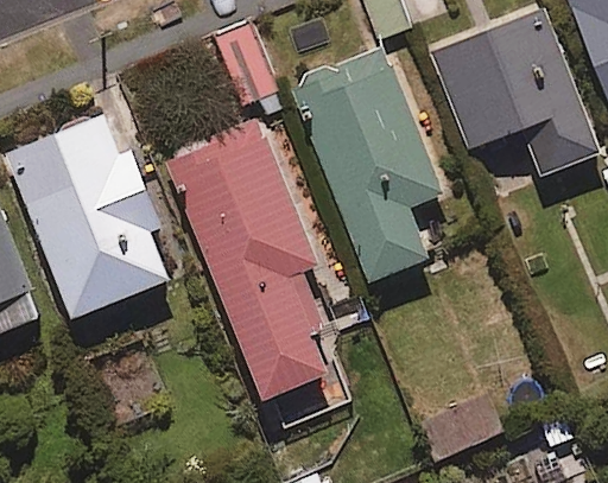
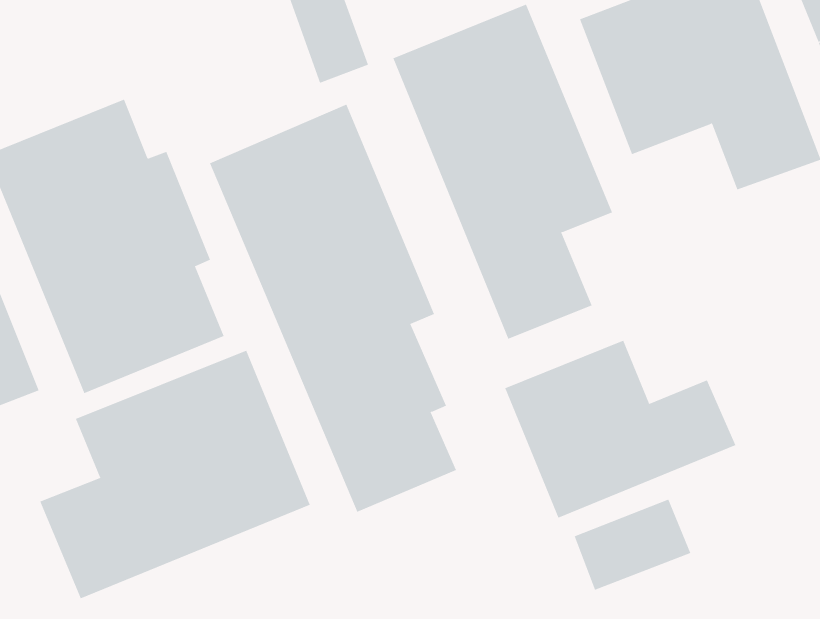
building: none -> [505,340,736,518]
building: none -> [40,350,311,599]

